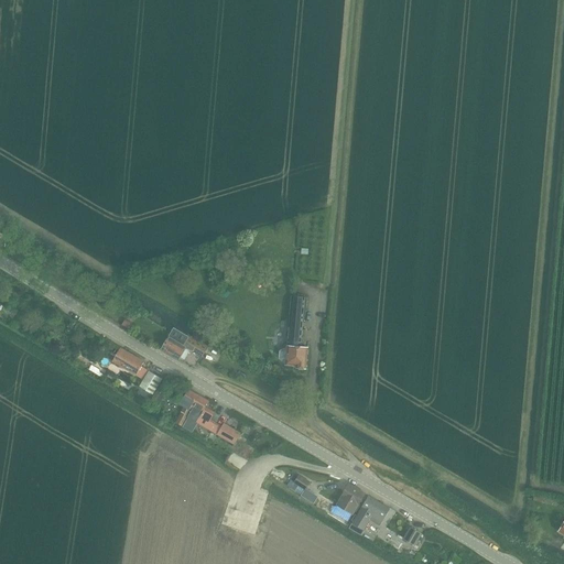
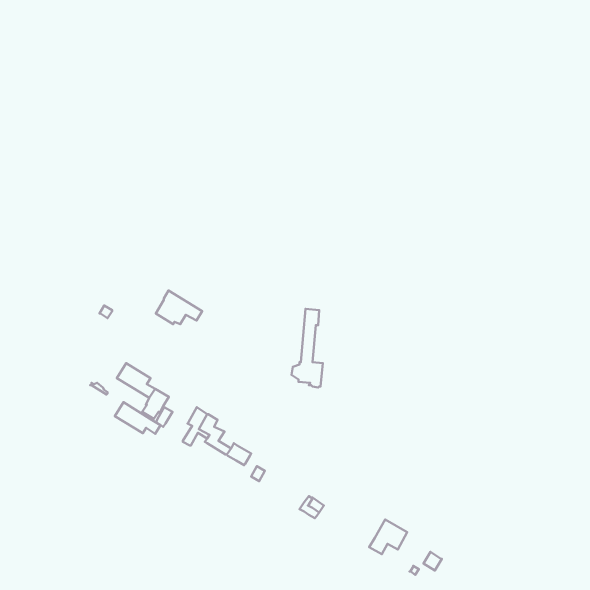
building: [161,326,205,358] -> [156,291,202,324]
building: none -> [115,402,160,434]
building: [336,481,365,512] -> none

